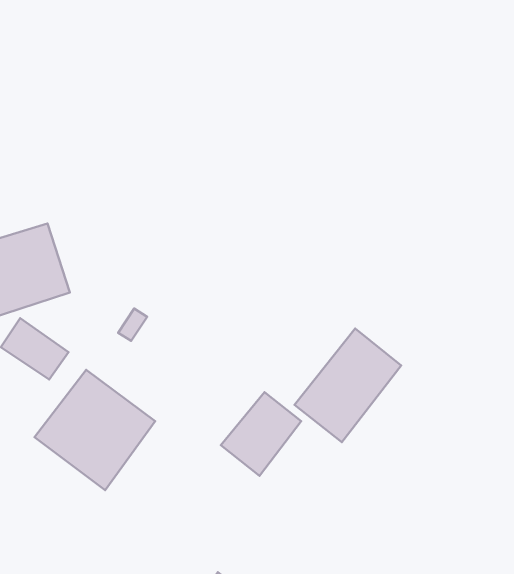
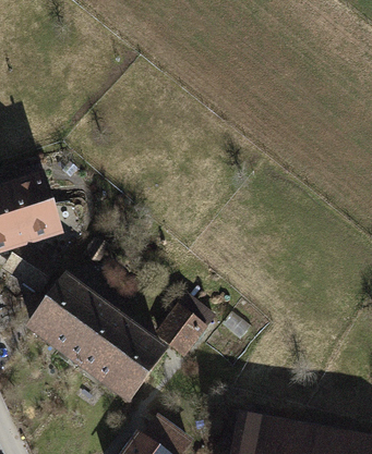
building: [295,329,401,442] -> none
building: none -> [81,316,163,397]

